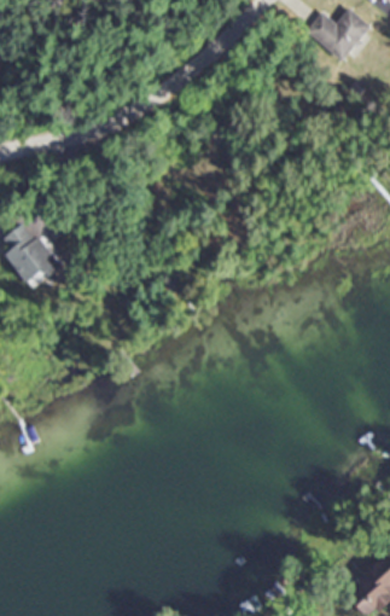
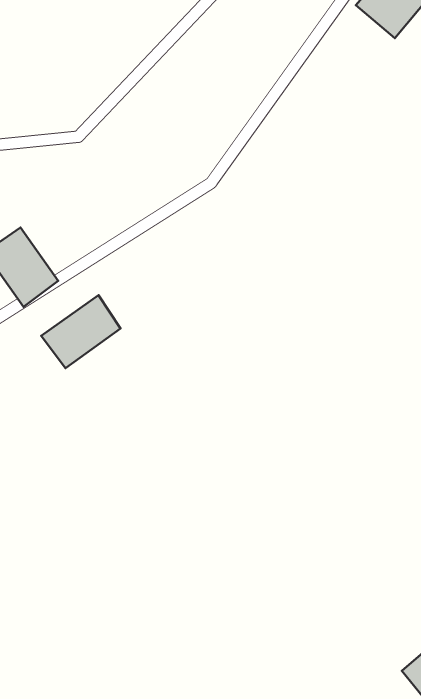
building: none -> [41,295,121,368]

